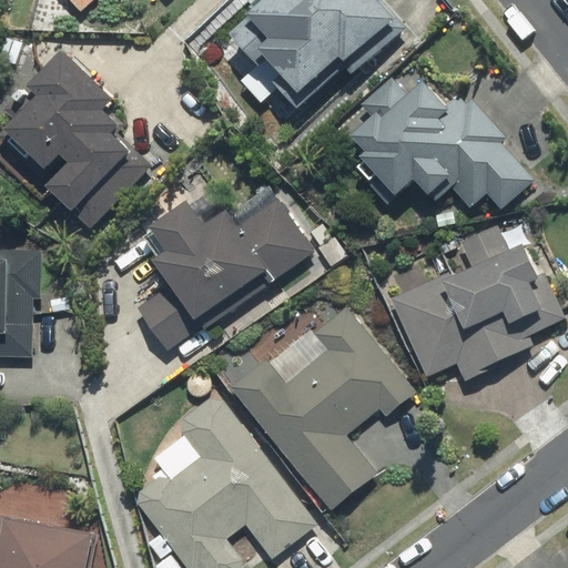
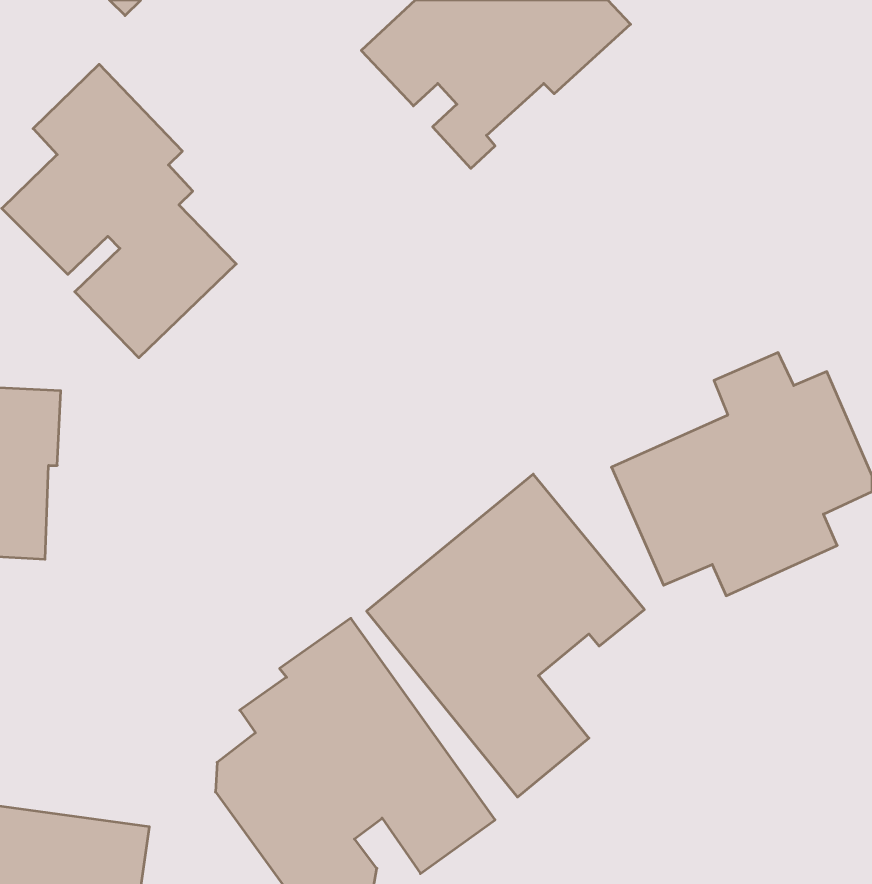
building: [338,57,548,219] -> none
building: [133,194,310,352] -> none

